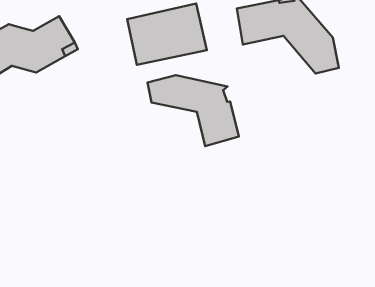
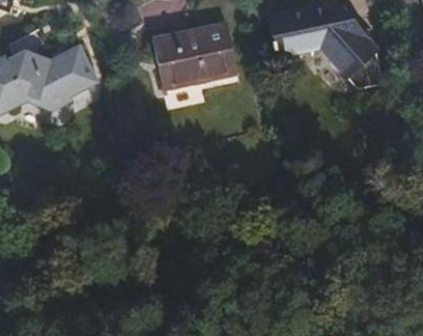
building: [147,75,239,146] -> none

